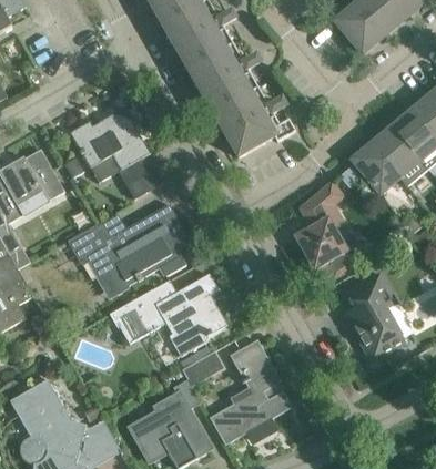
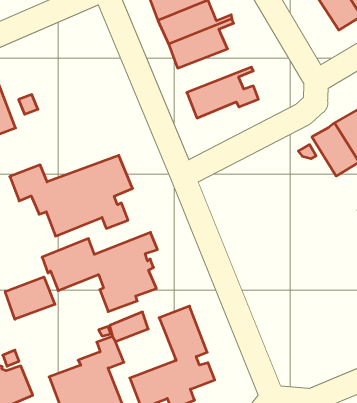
building: [212,86,283,134] -> none
building: [68,113,150,185] -> none
building: [294,182,354,278] -> none
building: [343,274,404,361] -> none
building: none -> [5,277,55,319]

